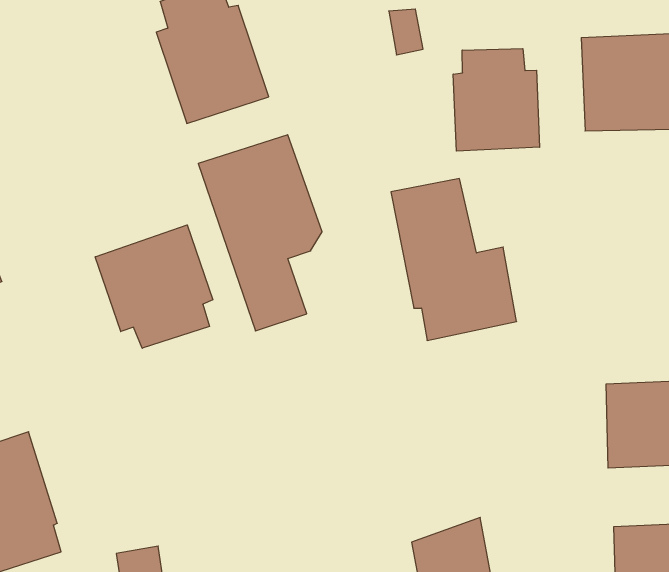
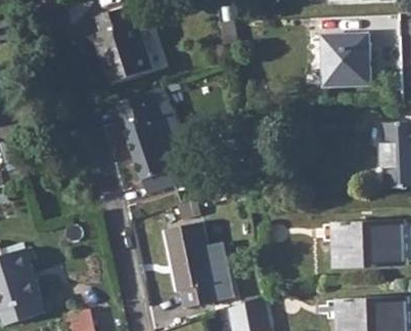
building: [453,49,540,151] -> none
building: [391,179,517,340] -> [165,220,232,307]
building: [95,225,213,348] -> none

